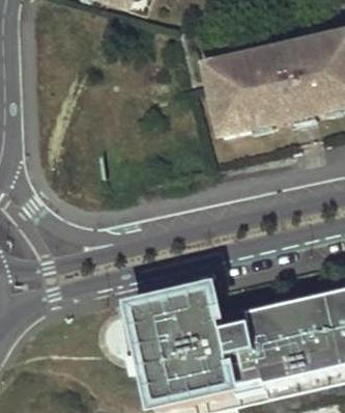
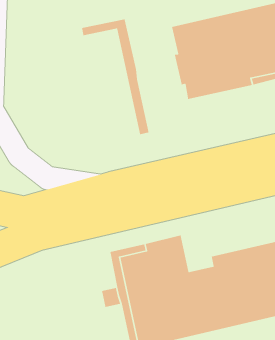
building: none -> [81,18,150,135]

